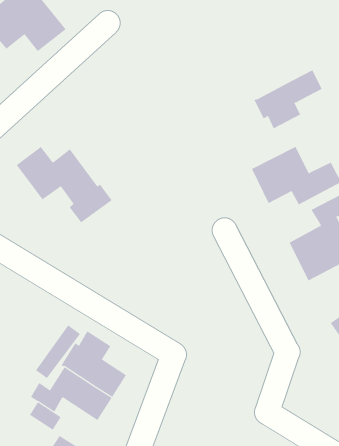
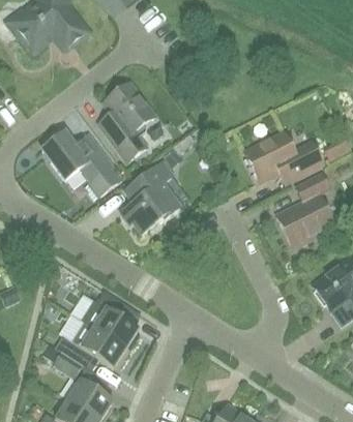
building: [254,70,322,129] -> none
building: none -> [98,85,154,160]
building: none -> [120,161,180,233]

